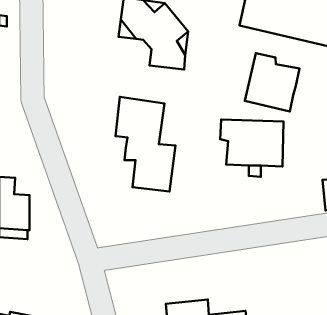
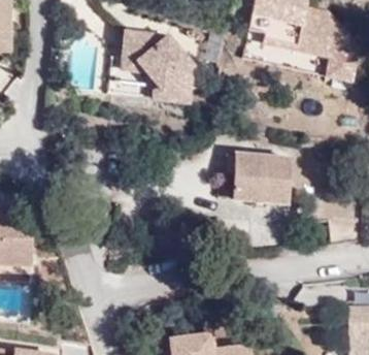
building: [245,53,300,112] -> none
building: [115,97,175,192] -> none

